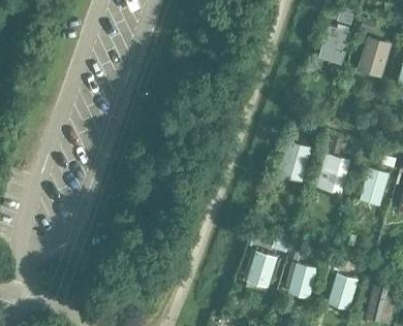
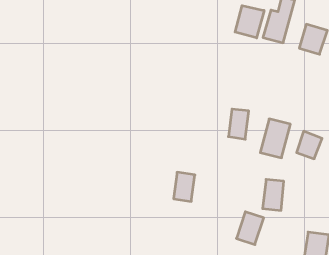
building: none -> [235,6,264,38]
building: [246,252,271,286] -> [174,172,195,201]
building: [328,272,352,308] -> [263,179,284,210]

